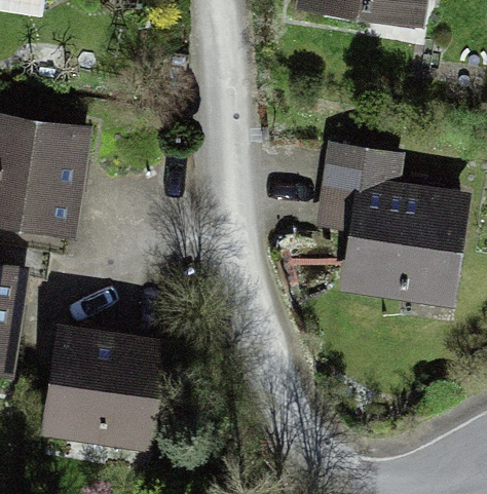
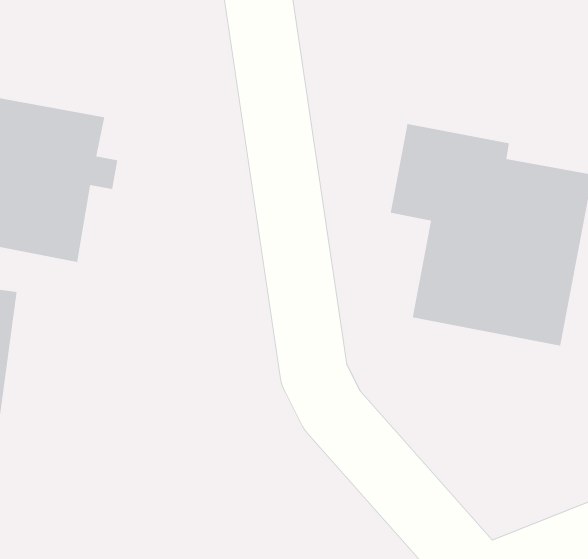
building: [32,326,158,458] -> none

